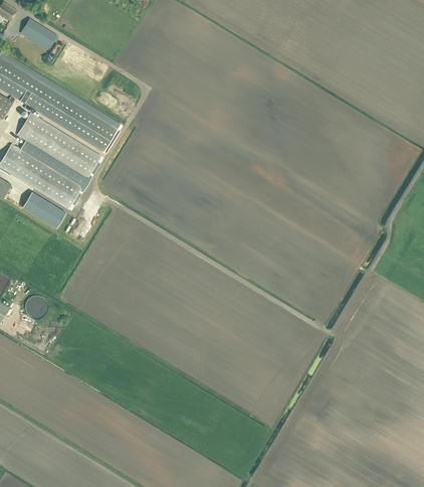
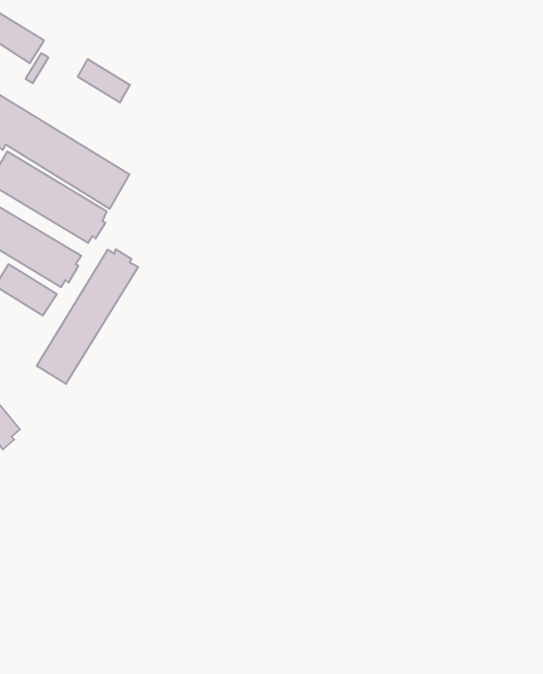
building: none -> [78,59,130,103]
building: none -> [37,249,138,384]

